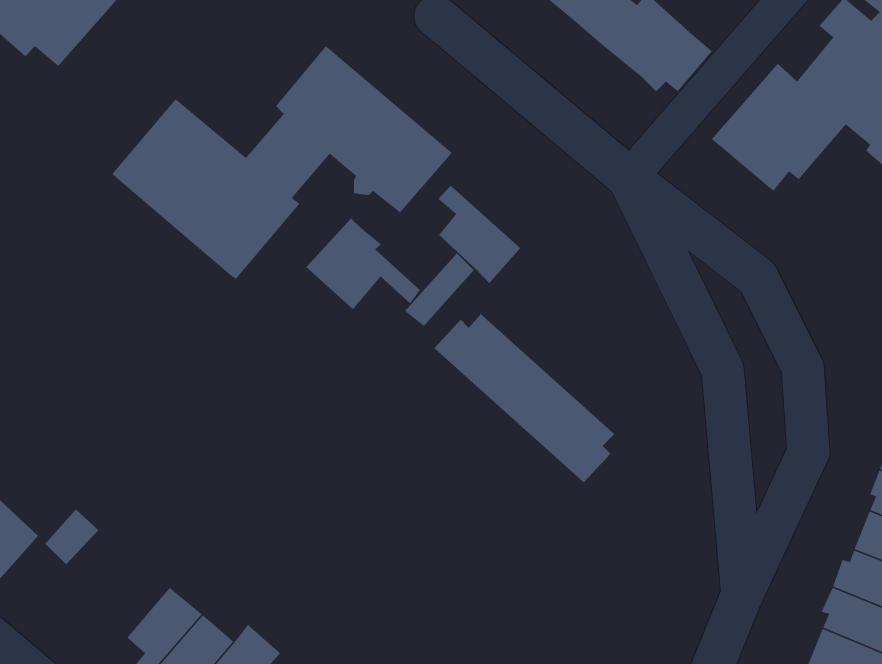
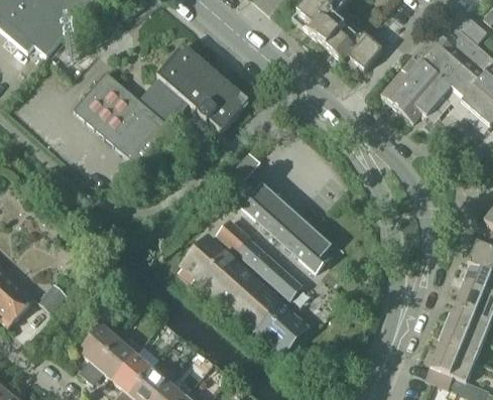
building: [437,185,521,284] -> none
building: [305,217,421,310] -> none
building: none -> [182,220,311,356]

